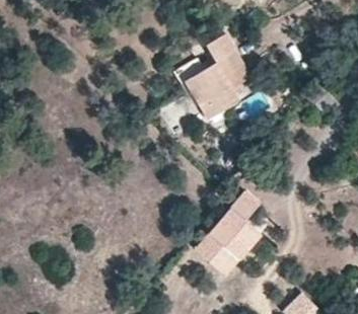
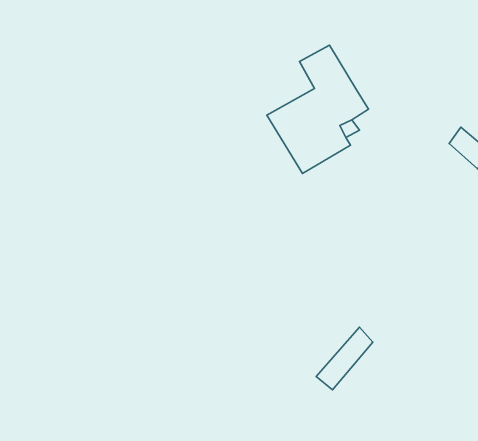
building: [201,193,260,256] -> none

